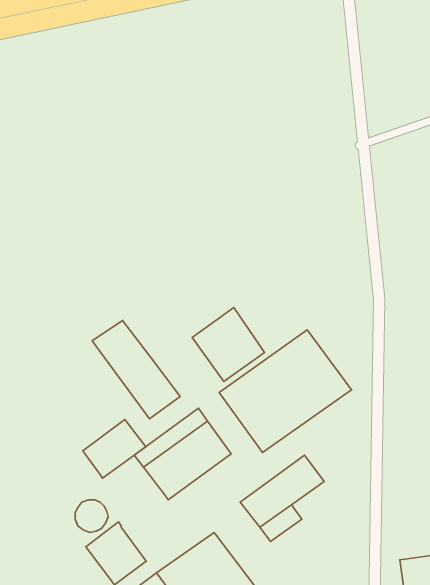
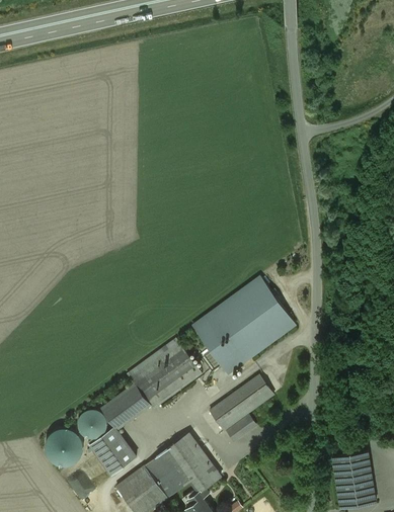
building: [192,308,264,382] -> none
building: [92,320,180,419] -> none
building: [83,419,146,478] -> [101,383,150,429]
building: none -> [45,428,82,465]

